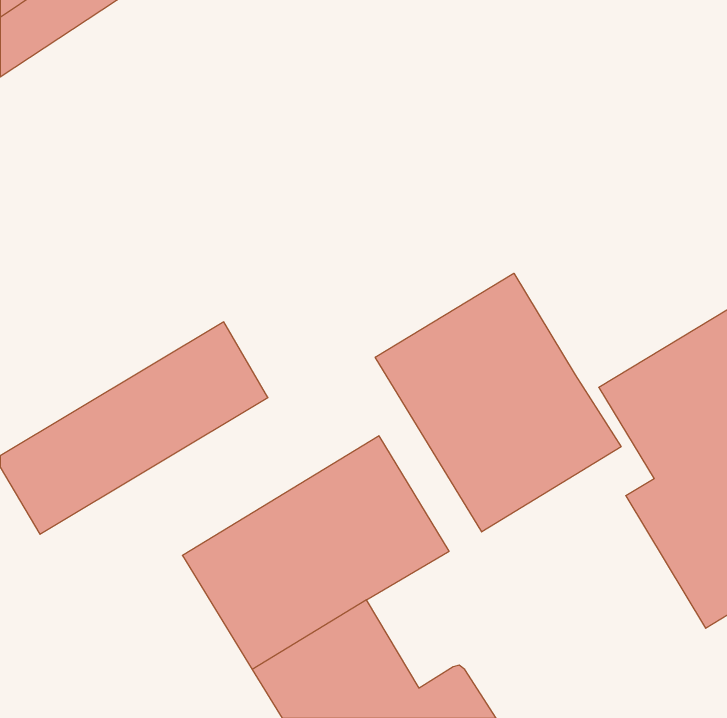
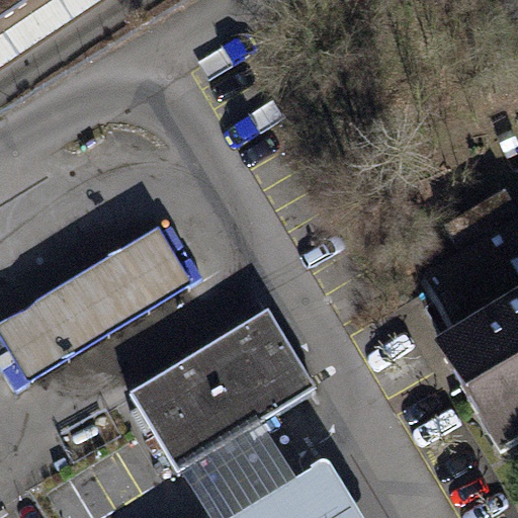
building: [375,273,621,532] -> none

